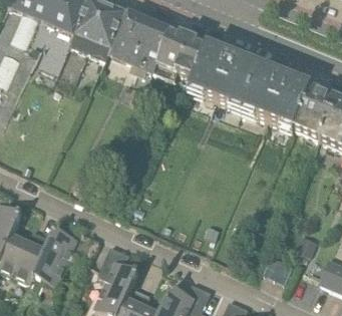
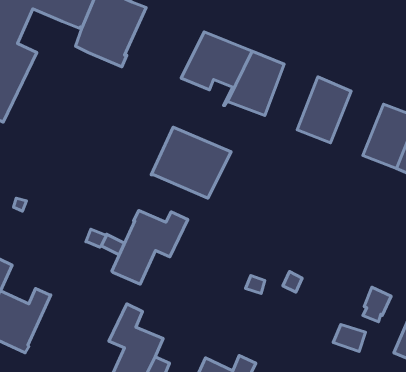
building: [109,12,172,67] -> [151,127,231,198]
building: [219,56,260,107] -> none
building: [270,77,311,127] -> none
building: [34,228,93,285] -> [112,211,188,284]

